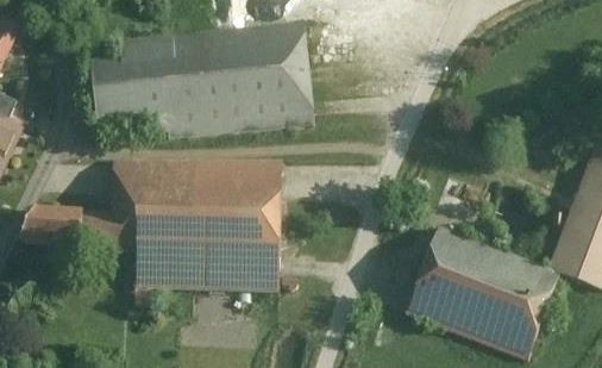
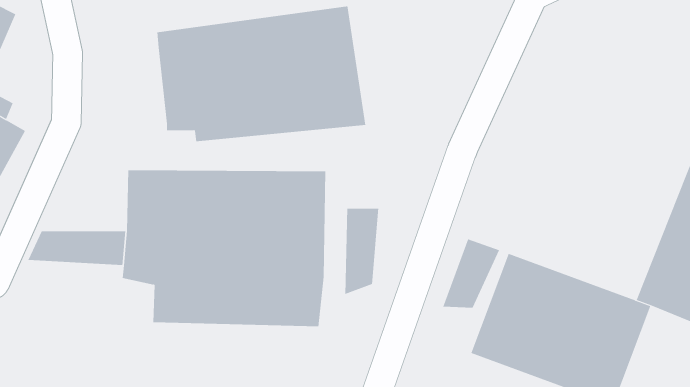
building: [90,39,144,123] -> none
building: none -> [345,208,379,295]
building: none -> [443,239,500,309]

